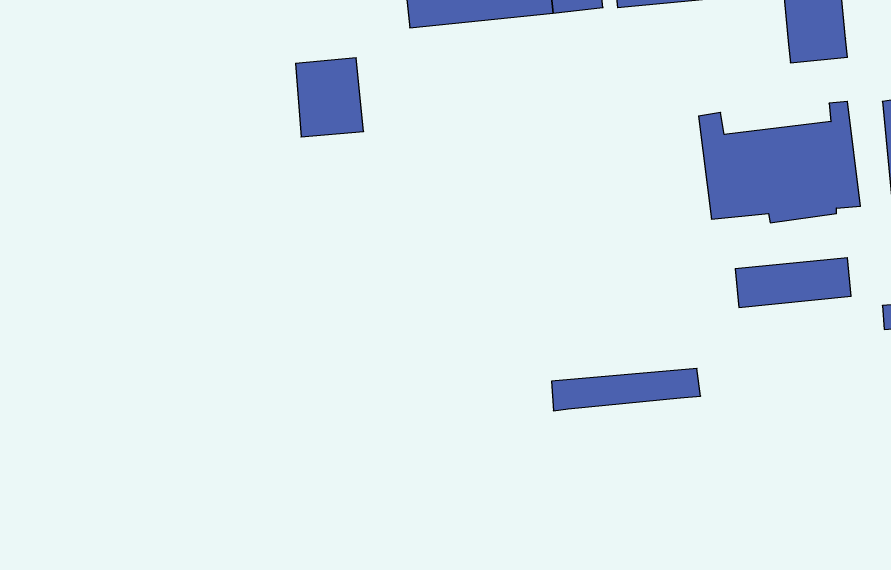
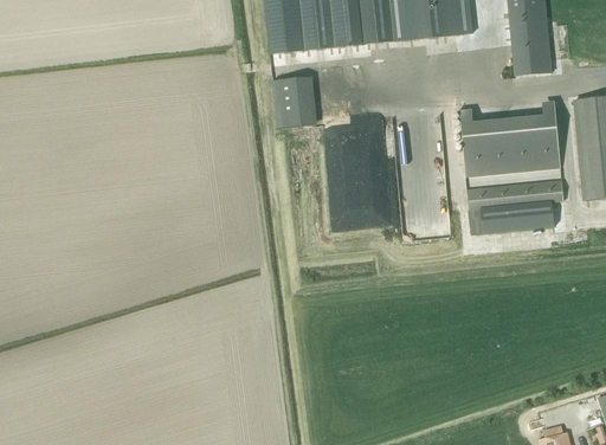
building: [296,58,364,137] -> [271,77,315,128]
building: [552,368,701,411] -> [469,182,565,209]

